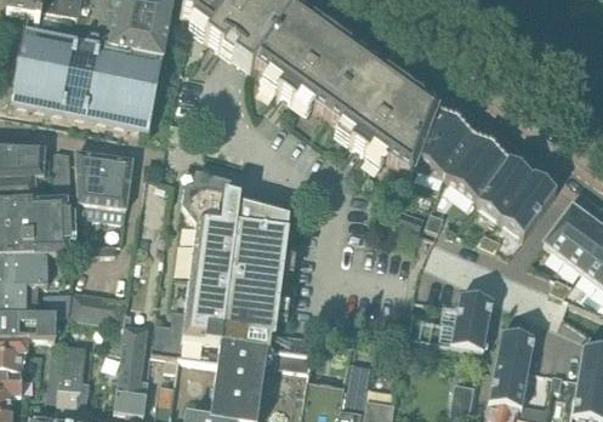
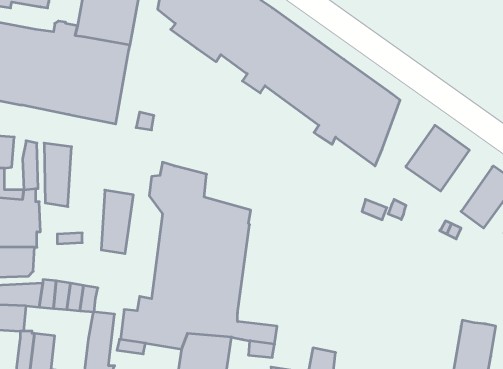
building: [420,105,473,172] -> none
building: [101,153,133,217] -> [101,190,133,254]
building: [477,156,531,218] -> none
building: [405,291,494,350] -> none

